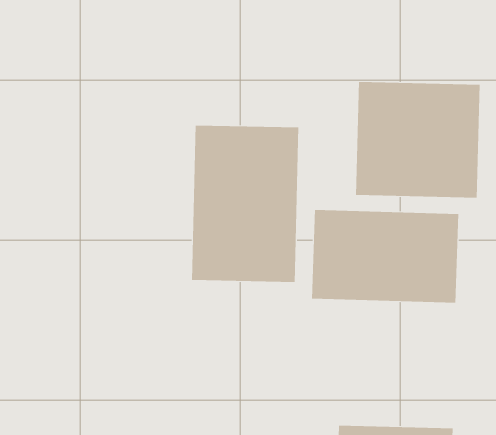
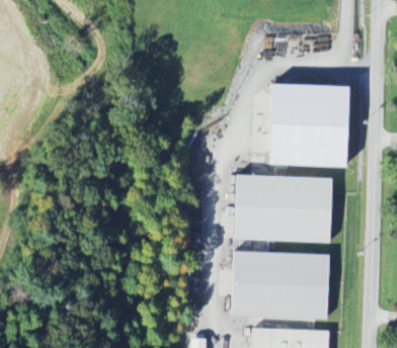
building: [192,125,299,283] -> none
building: none -> [228,252,332,318]

